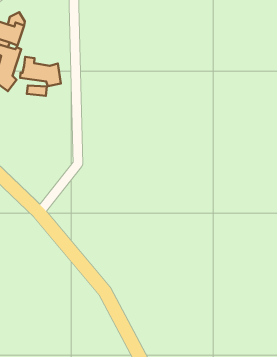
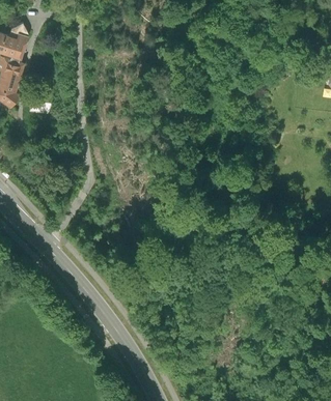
building: [20,57,61,86] -> none

